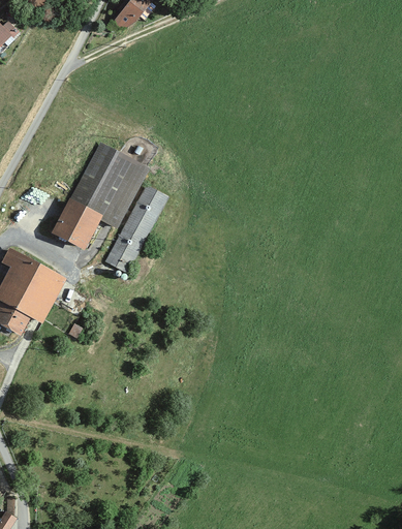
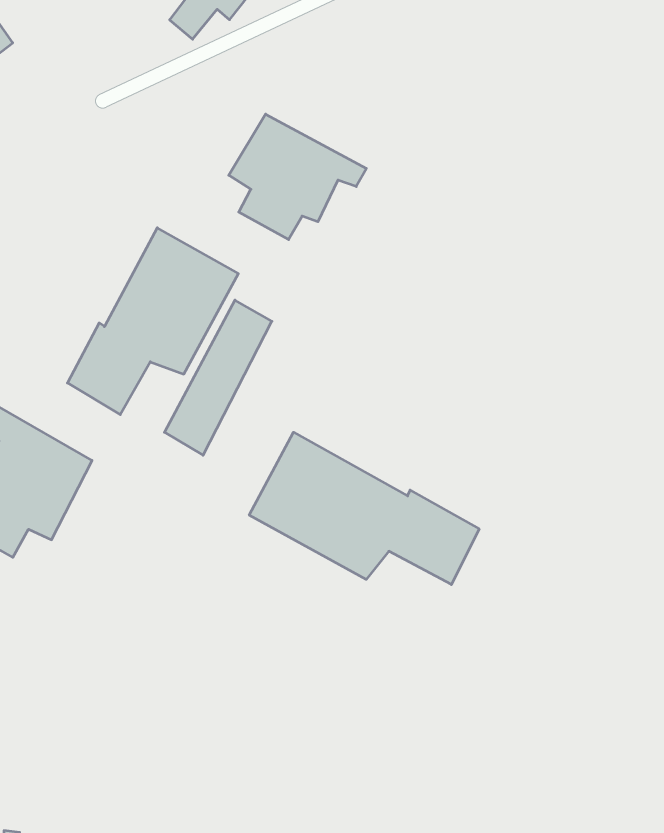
building: none -> [229,114,366,240]
building: none -> [249,432,479,585]

